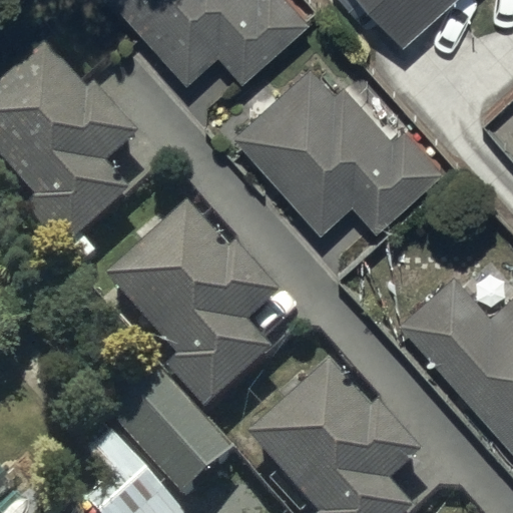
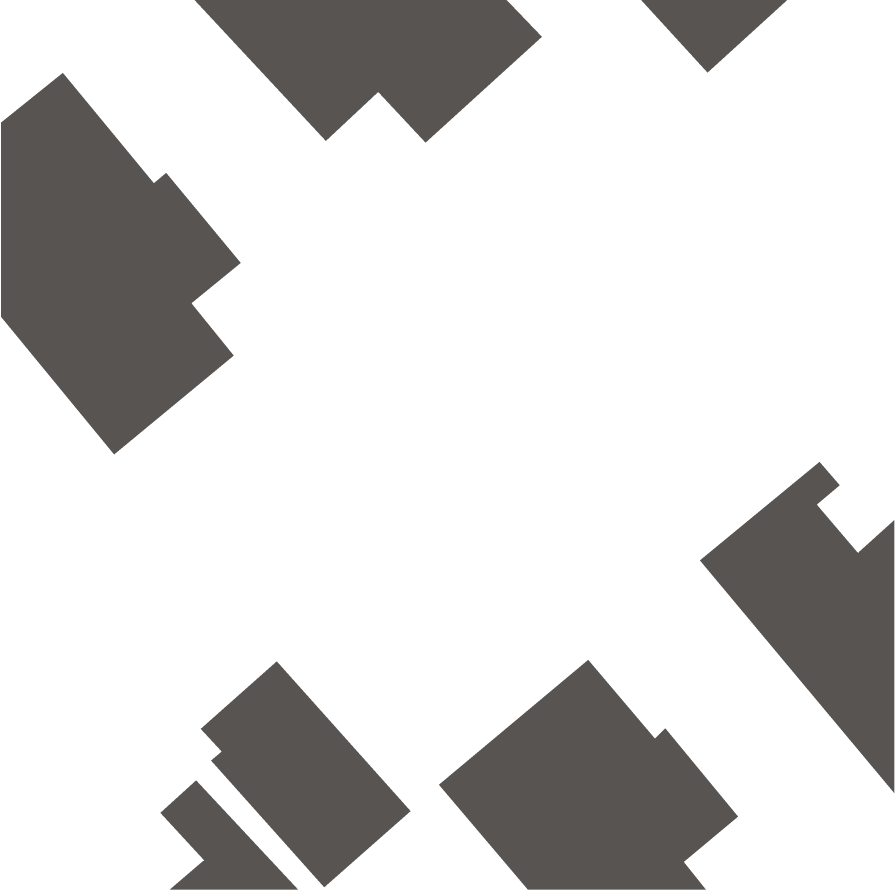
building: [236,70,445,233] -> none
building: [111,217,286,423] -> none

